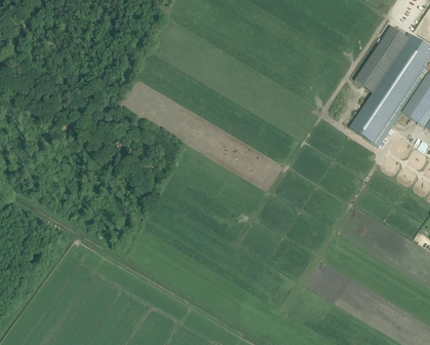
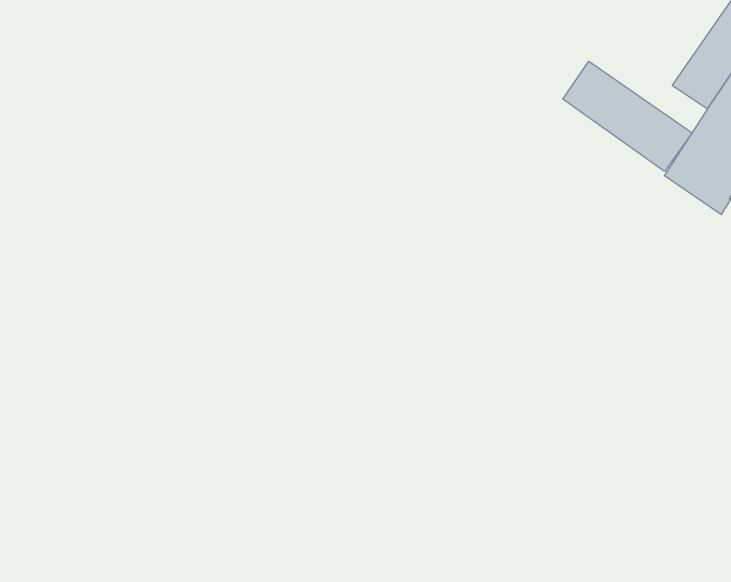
building: none -> [563,61,692,171]

